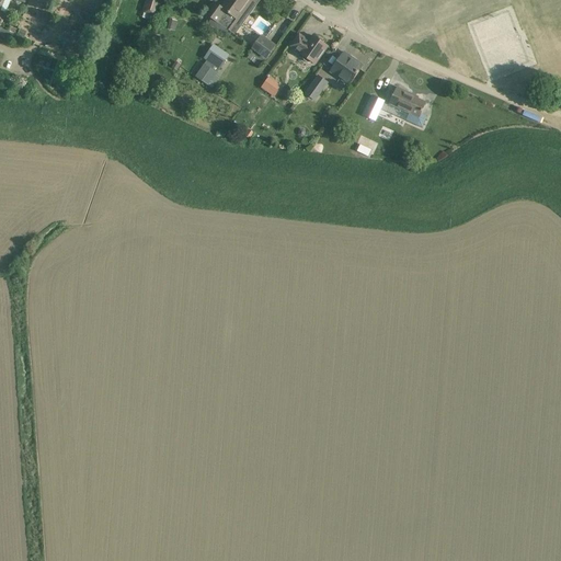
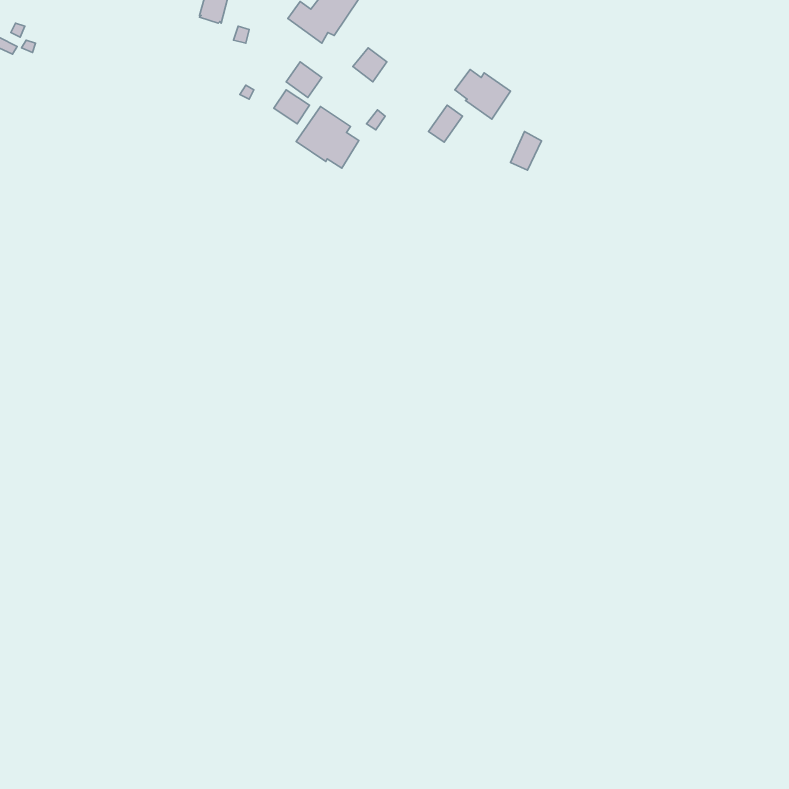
building: [290,34,328,64] -> none
building: none -> [296,107,359,168]
building: [389,88,426,127] -> none

